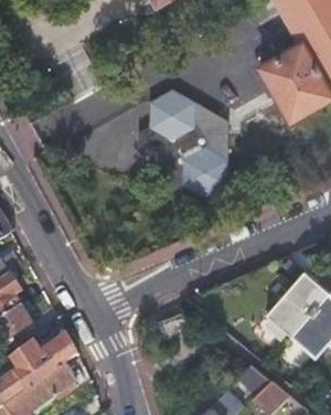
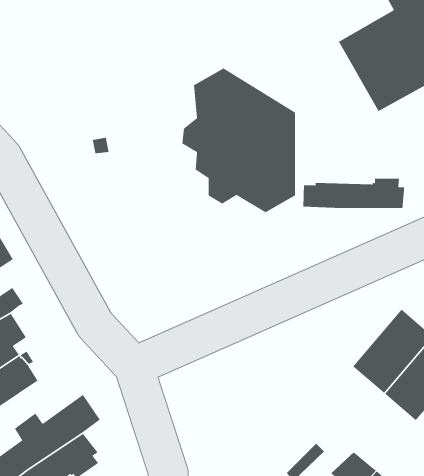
building: none -> [303,178,405,209]

